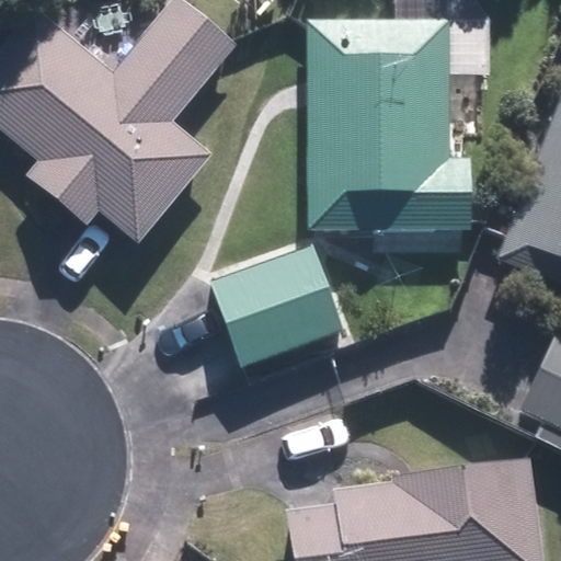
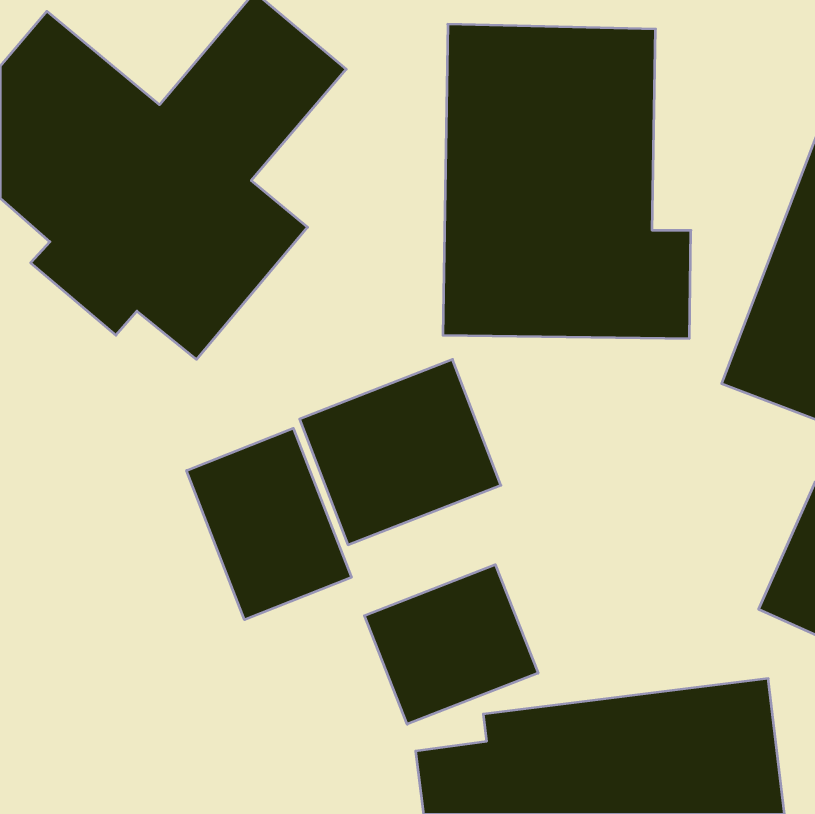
building: none -> [187,428,351,620]
building: none -> [364,565,538,724]

